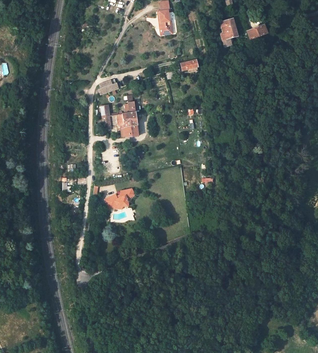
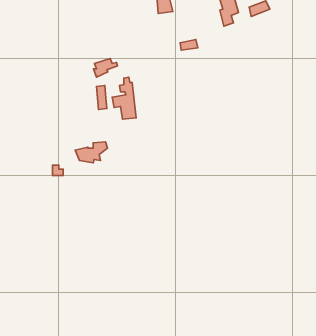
building: [104,190,135,210] -> [75,142,108,163]

